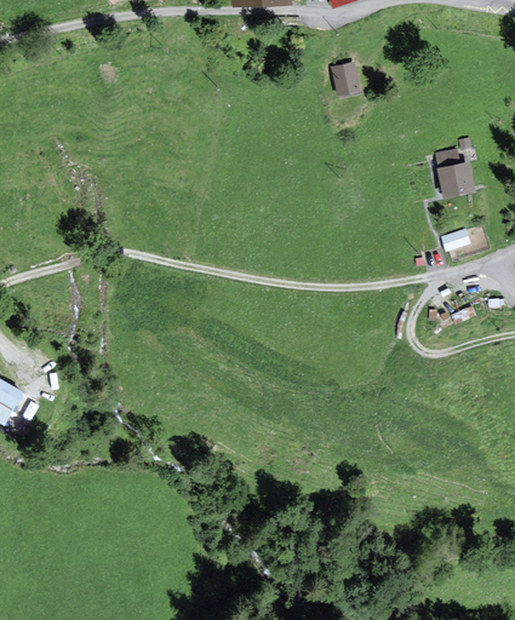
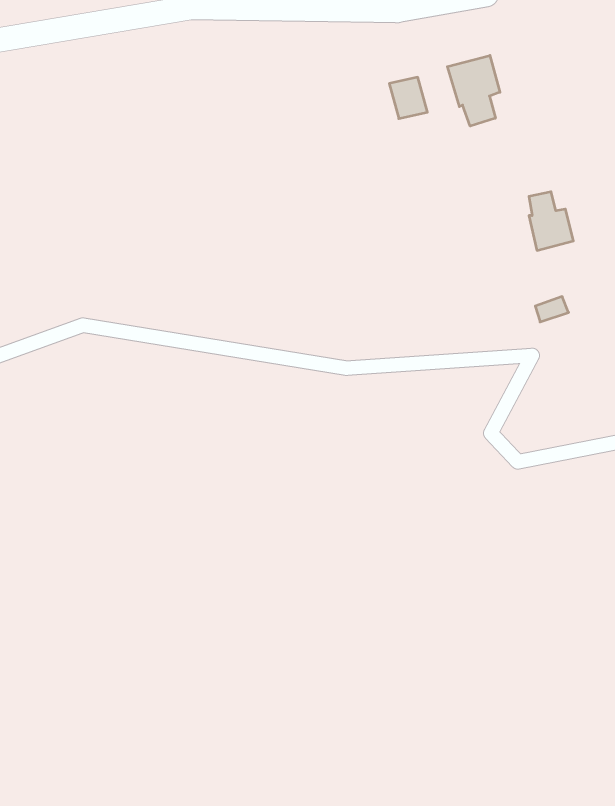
building: none -> [447,55,500,126]

